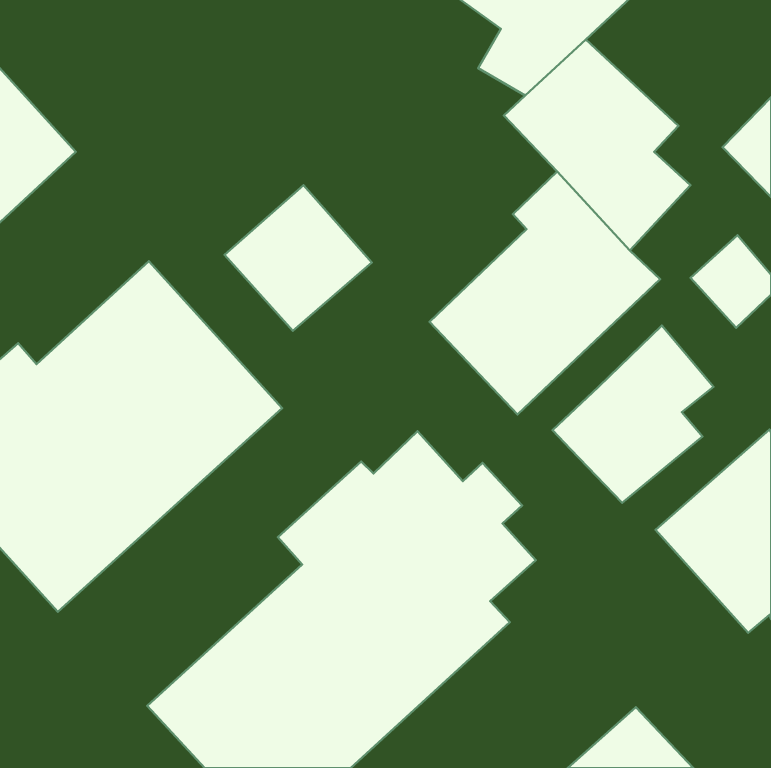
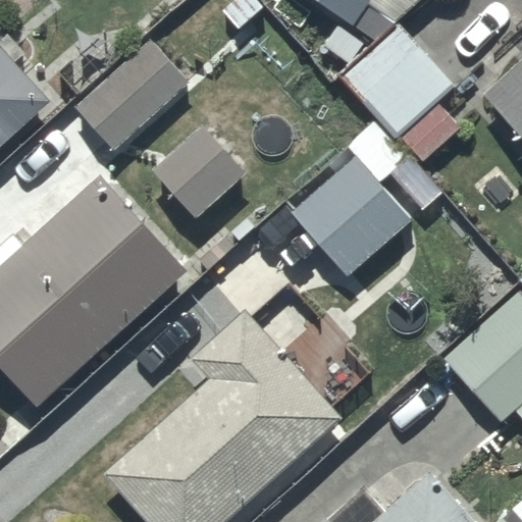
building: none -> [74,40,189,153]
building: [552,325,714,503] -> none

